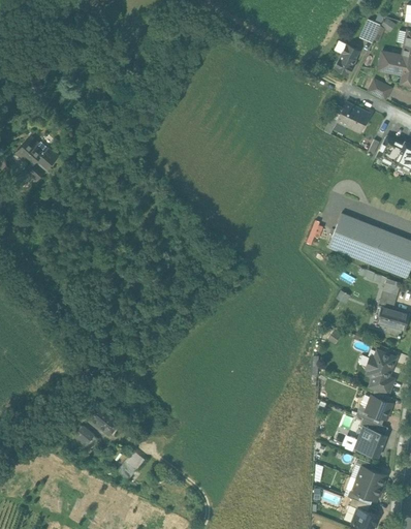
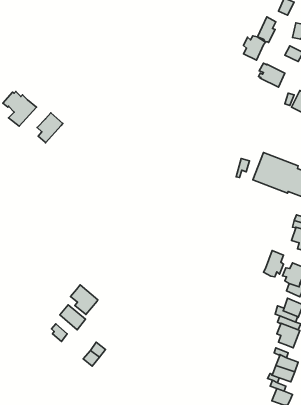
building: none -> [243,36,266,60]
building: none -> [37,113,63,143]
building: none -> [263,251,284,277]
building: none -> [71,285,98,315]

